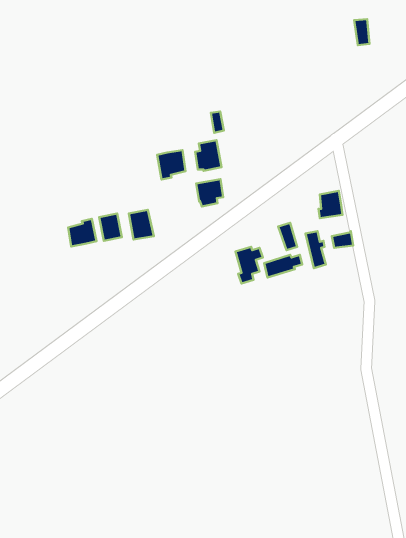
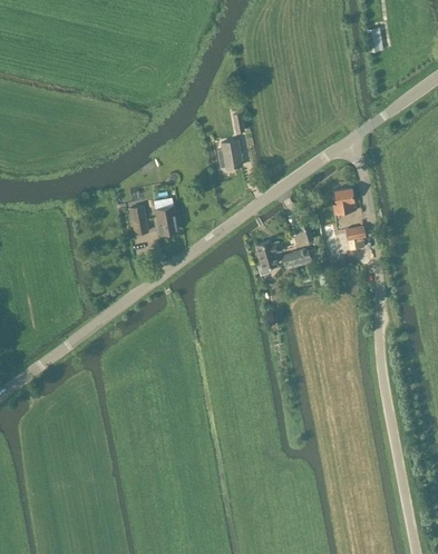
building: [157,150,186,180] -> none
building: [196,179,223,207] -> none
building: [68,219,96,246] -> none

